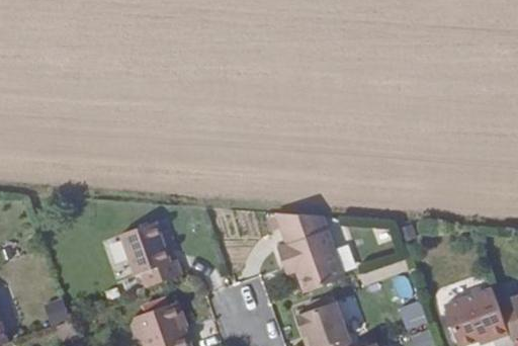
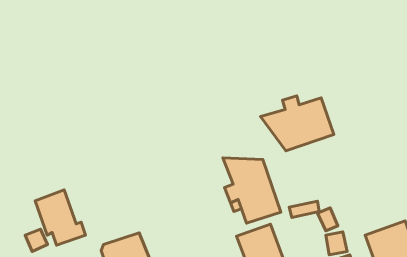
building: none -> [260,96,334,151]
building: [121,222,181,287] -> [35,190,85,245]

